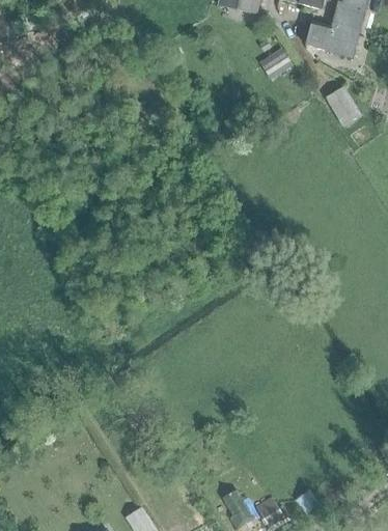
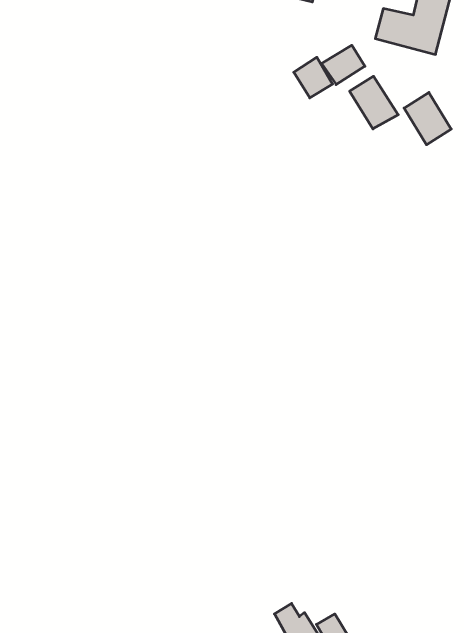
building: none -> [294,57,333,98]
building: none -> [350,76,398,129]

